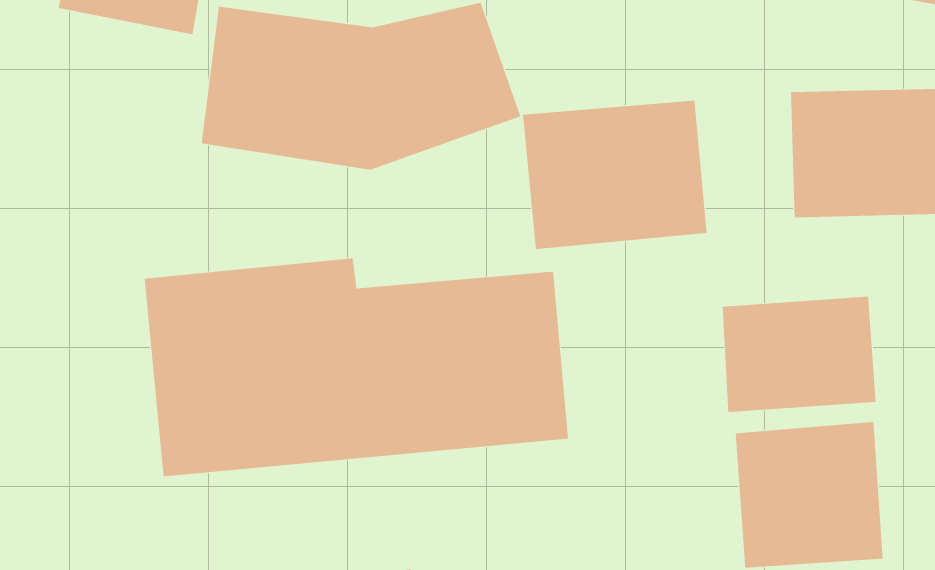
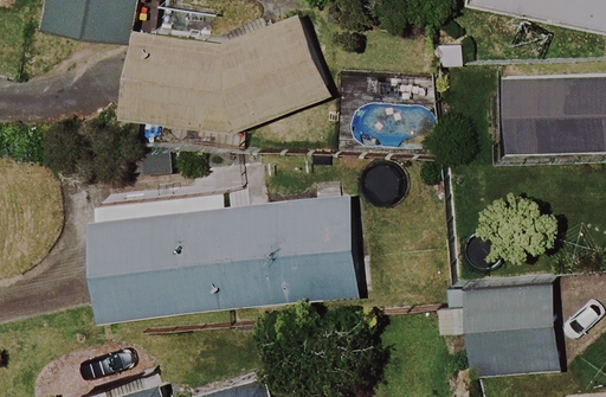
building: [523,100,707,250] -> none
building: [722,296,876,413] -> none

